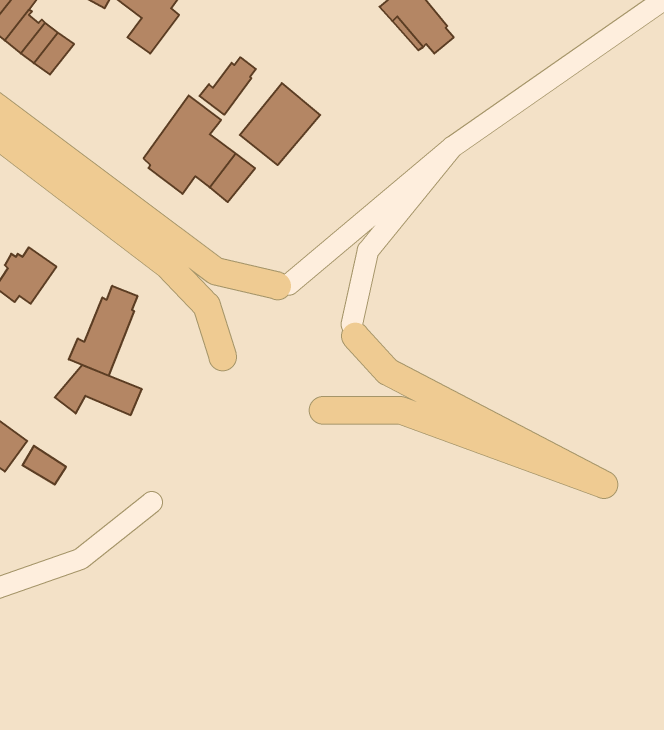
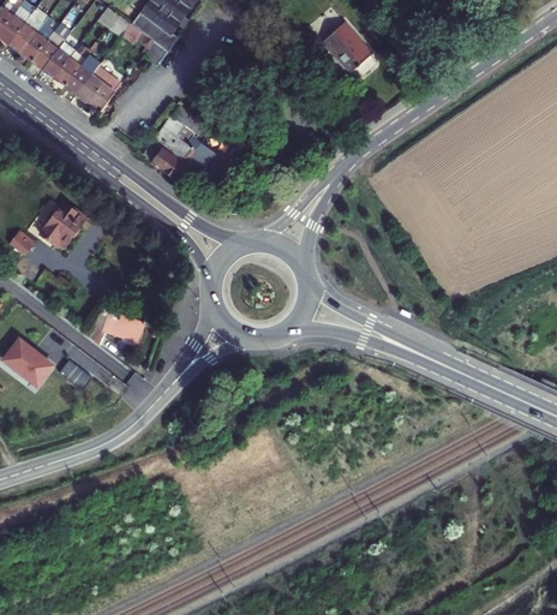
building: none -> [74,61,120,107]
building: [199,57,256,115] -> none
building: [240,83,320,165] -> none
building: [69,286,137,376] -> none

